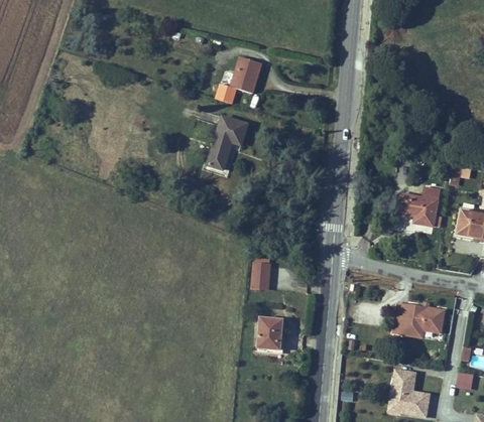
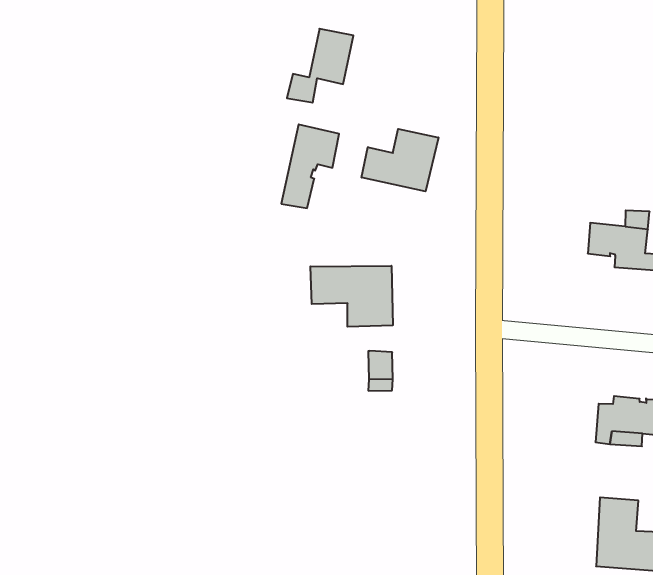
building: none -> [362,129,438,191]
building: none -> [310,266,393,327]
building: [258,317,282,349] -> none

